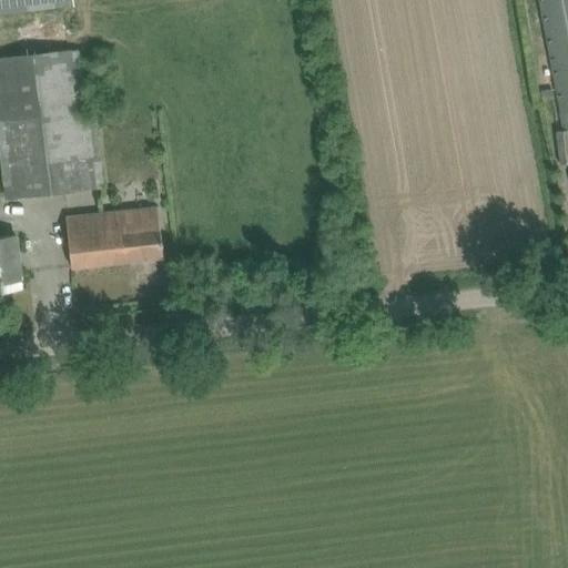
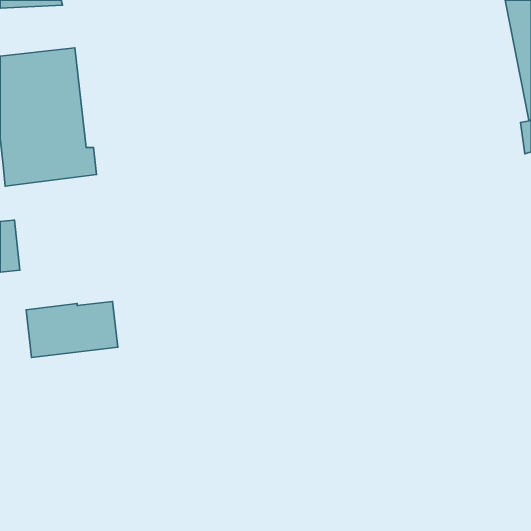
building: [65,209,163,268] -> [26,301,118,358]

